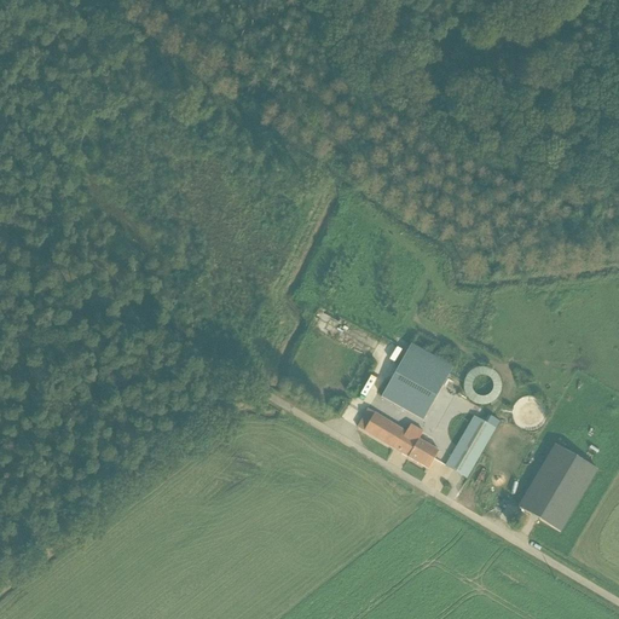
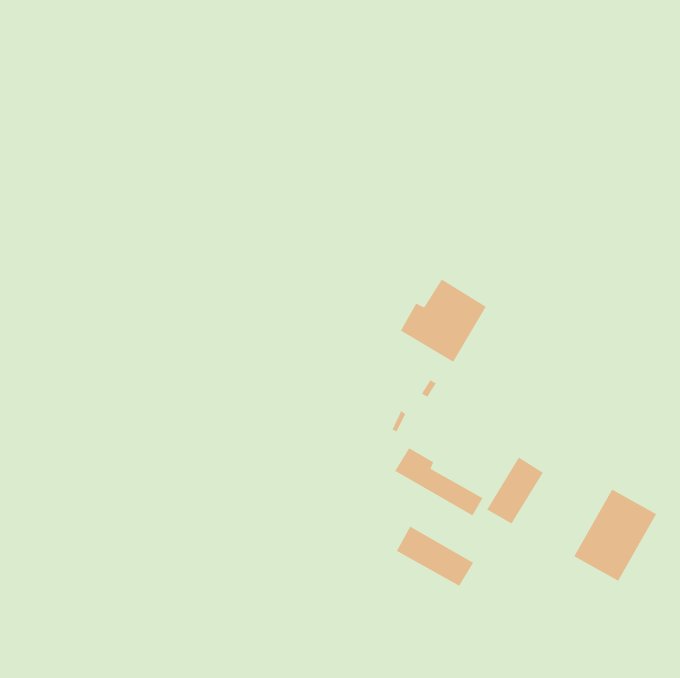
building: [375,343,453,420] -> [400,279,487,363]
building: none -> [396,525,474,587]

